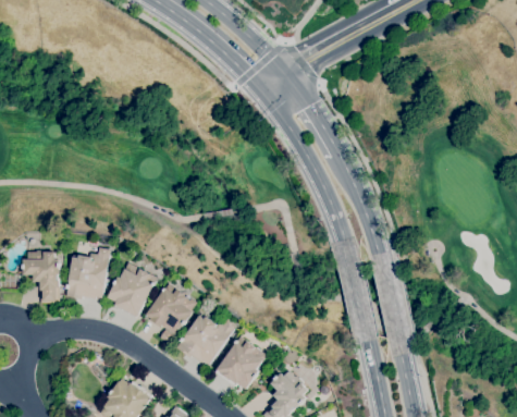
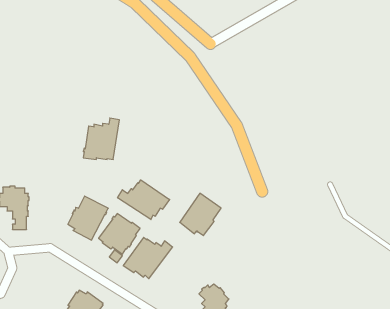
building: none -> [118,180,170,220]
building: [65,247,110,298] -> [83,118,119,159]
building: [216,336,267,389] -> [180,193,221,236]

